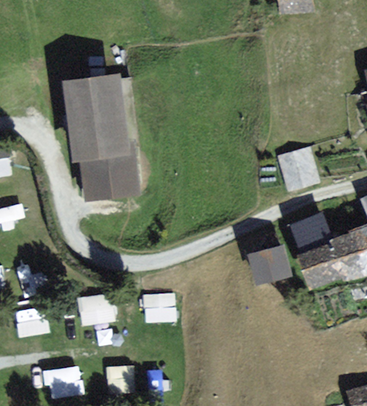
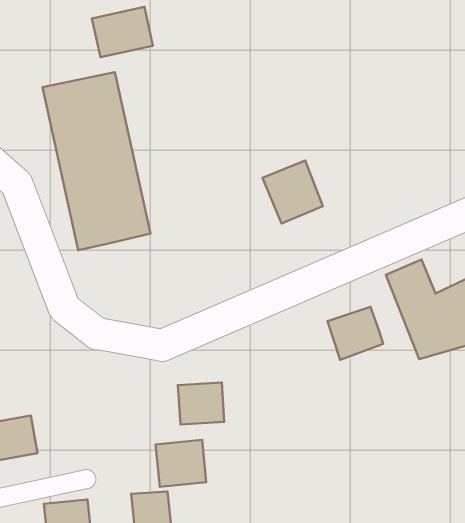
building: none -> [92,7,153,57]
building: [275,154,315,196] -> [262,161,323,224]
building: [80,295,113,325] -> [156,440,206,487]

